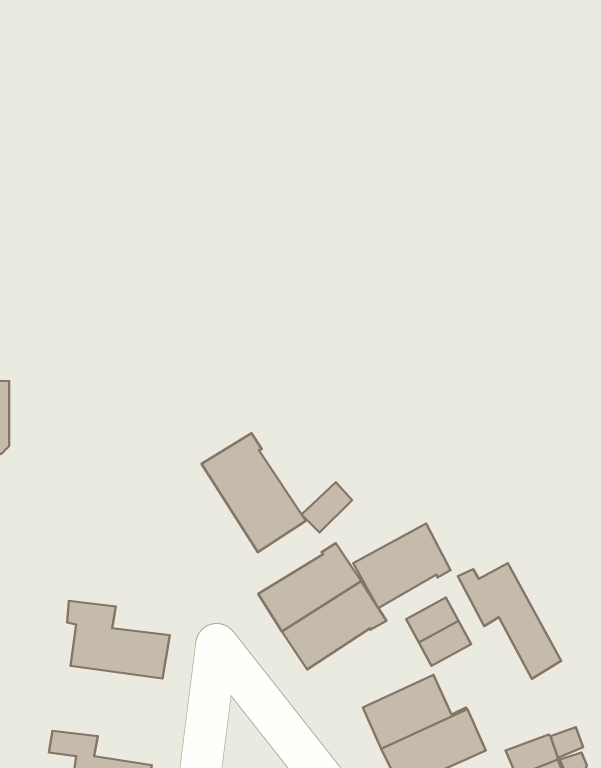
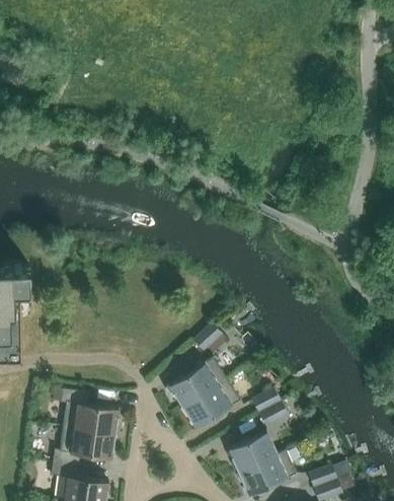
building: [201,433,306,552] -> none
building: [353,524,450,608] -> none
building: [458,563,561,679] -> none
building: none -> [53,427,114,467]

